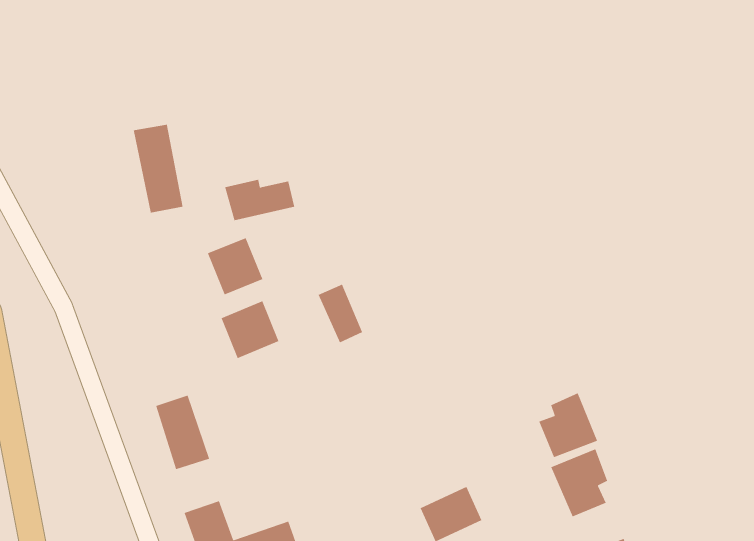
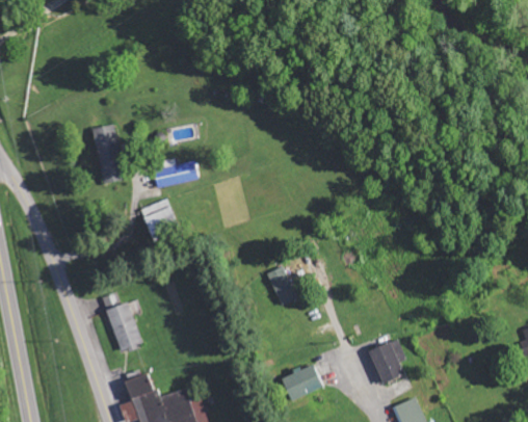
building: [317,284,363,343] -> [266,266,296,306]
building: [220,300,279,359] -> none
building: [538,392,598,458] -> none

